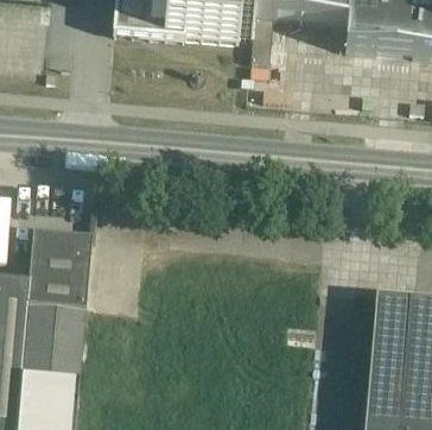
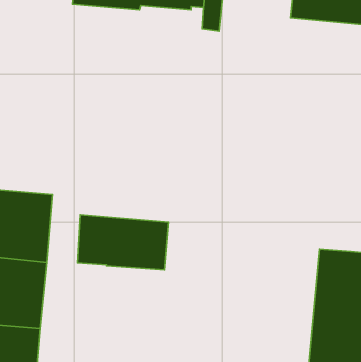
building: none -> [78,215,168,270]

